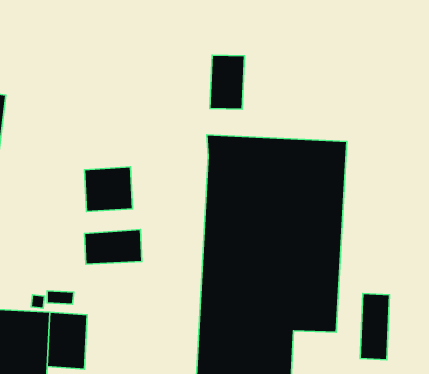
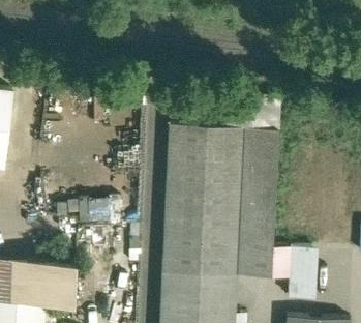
building: [210,55,245,109] -> none
building: [84,167,133,212] -> none

